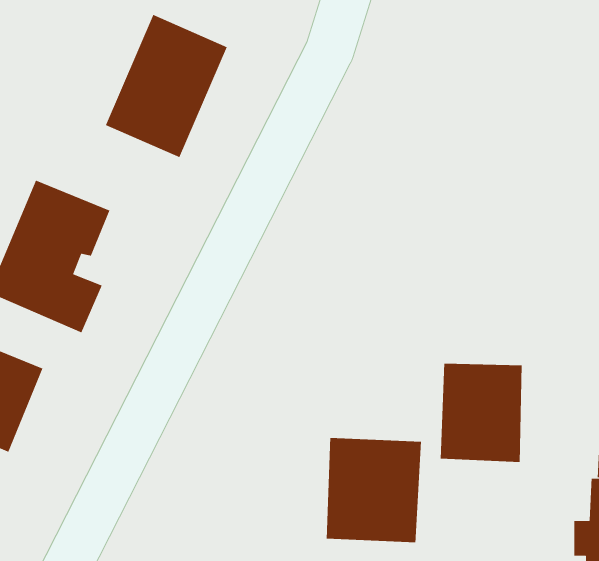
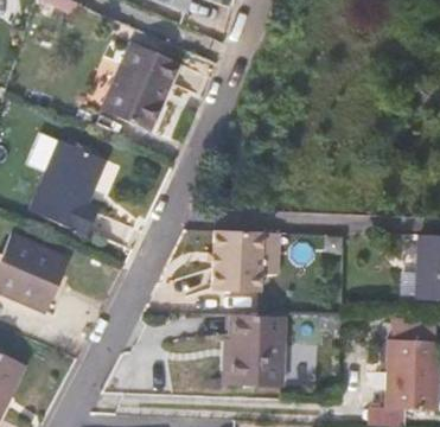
building: [440,363,522,463] -> [218,230,269,292]

